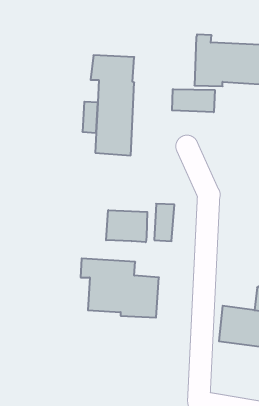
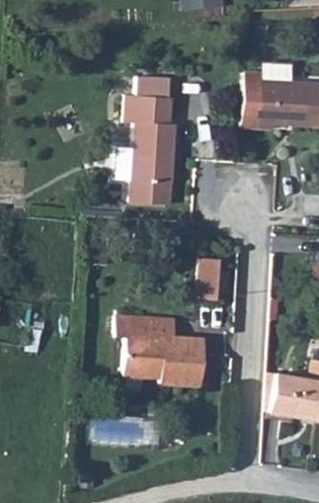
building: [172,89,215,112] -> none
building: [106,210,147,242] -> none

